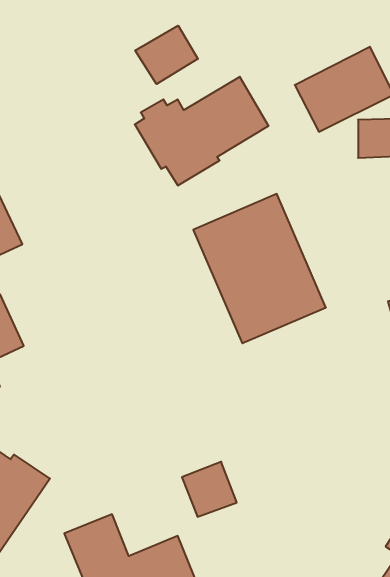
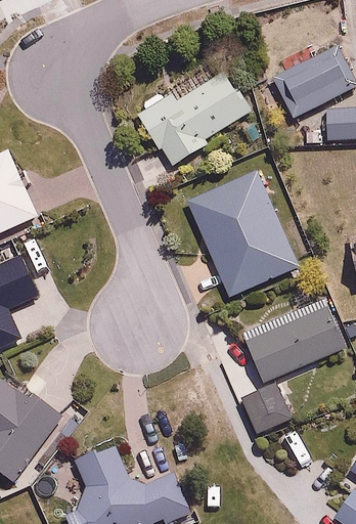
building: [135,26,198,84] -> none
building: none -> [243,300,346,384]
building: [182,462,237,517] -> [242,387,290,434]

